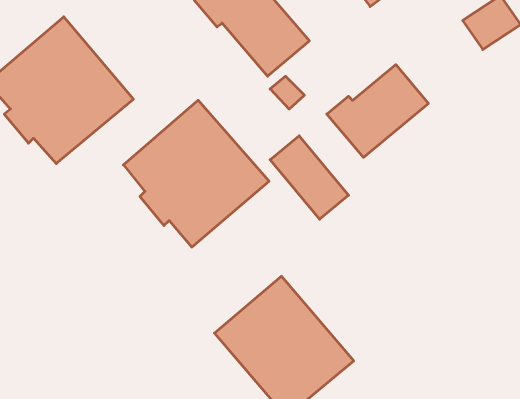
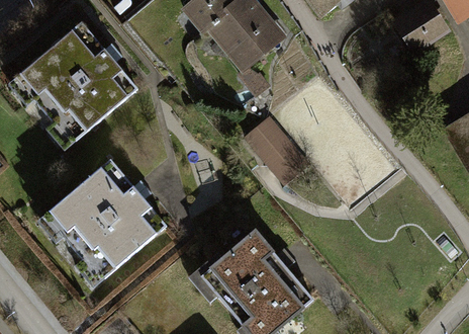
building: [327,65,428,157] -> none
building: [123,100,269,247] -> [50,160,166,277]

